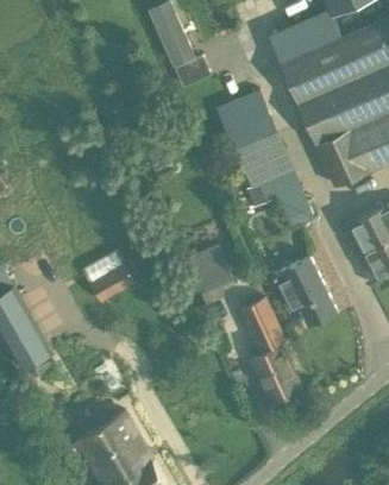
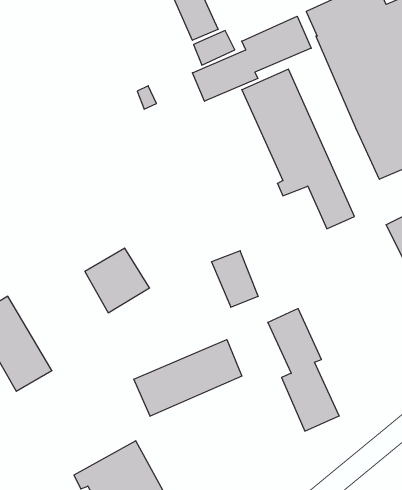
building: none -> [192,16,311,101]
building: [272,258,335,323] -> none
building: none -> [134,340,242,416]

